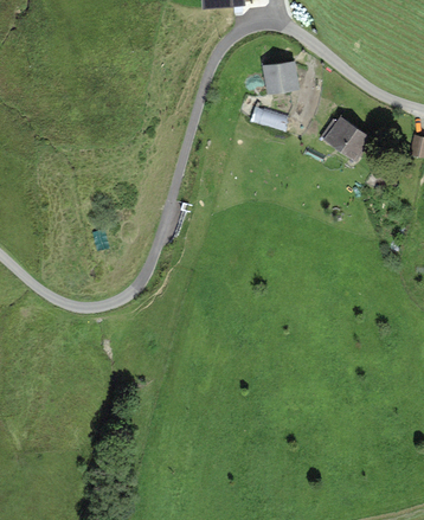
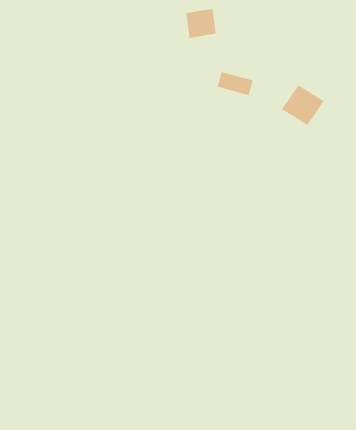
building: [265,63,298,95] -> [185,8,217,38]

